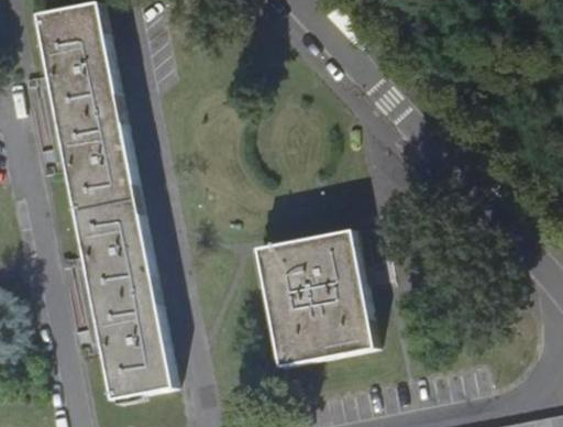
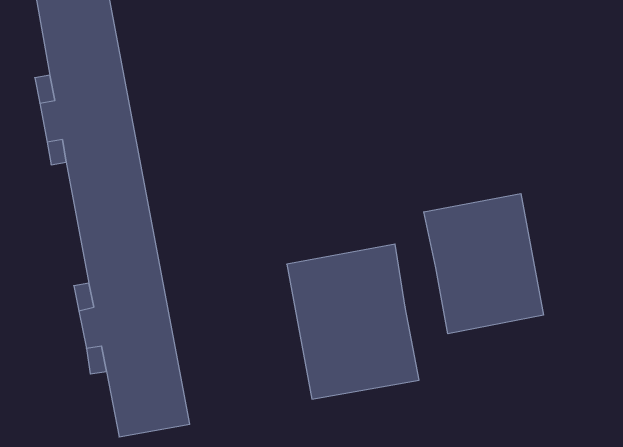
building: none -> [424,194,543,334]

